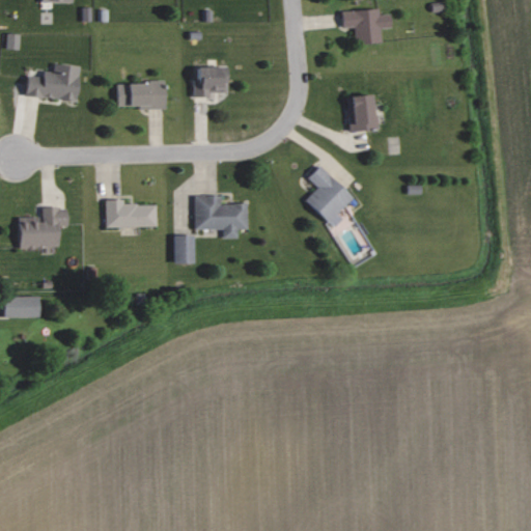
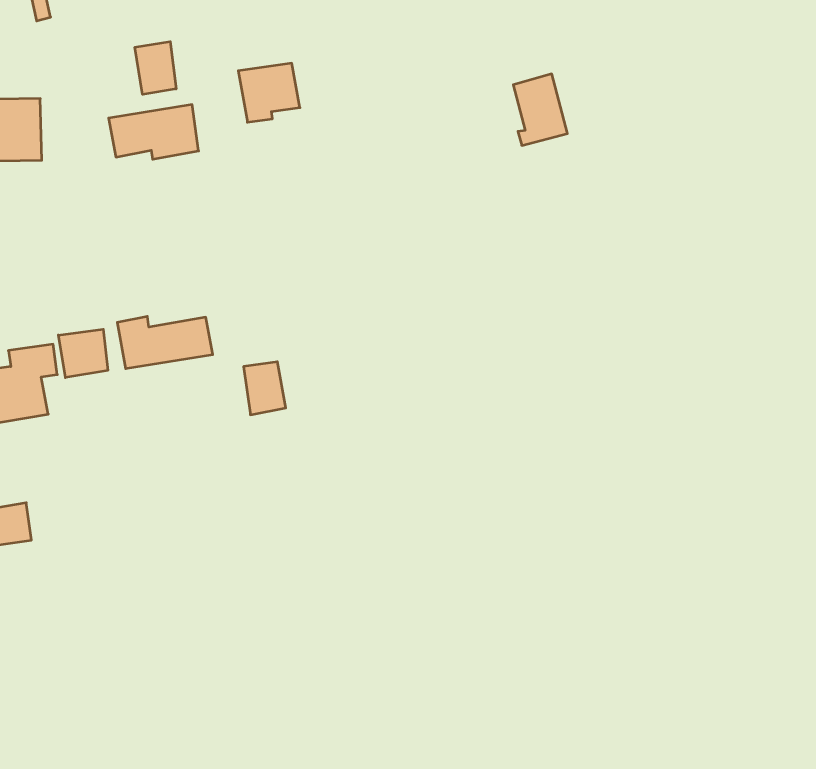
building: none -> [135,42,176,94]
building: [306,165,354,223] -> none
building: [194,195,248,237] -> none
building: none -> [58,329,108,378]

